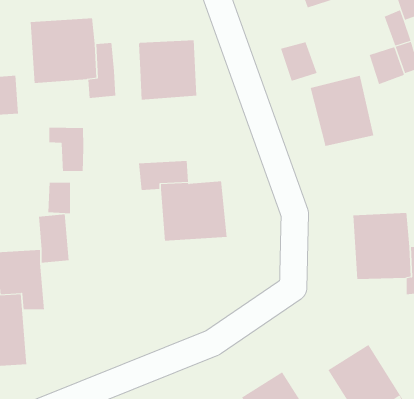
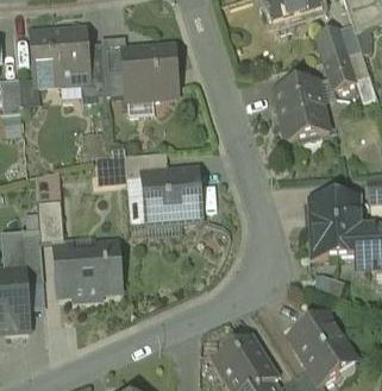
building: none -> [102,37,126,75]
building: [280,42,317,81] -> [315,26,347,61]
building: [49,127,84,172] -> none
building: none -> [57,241,121,297]

